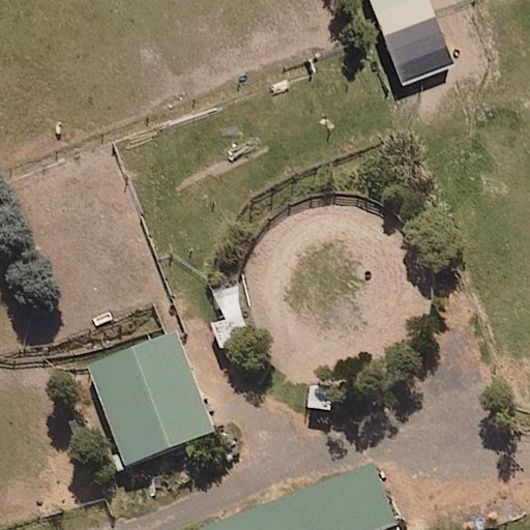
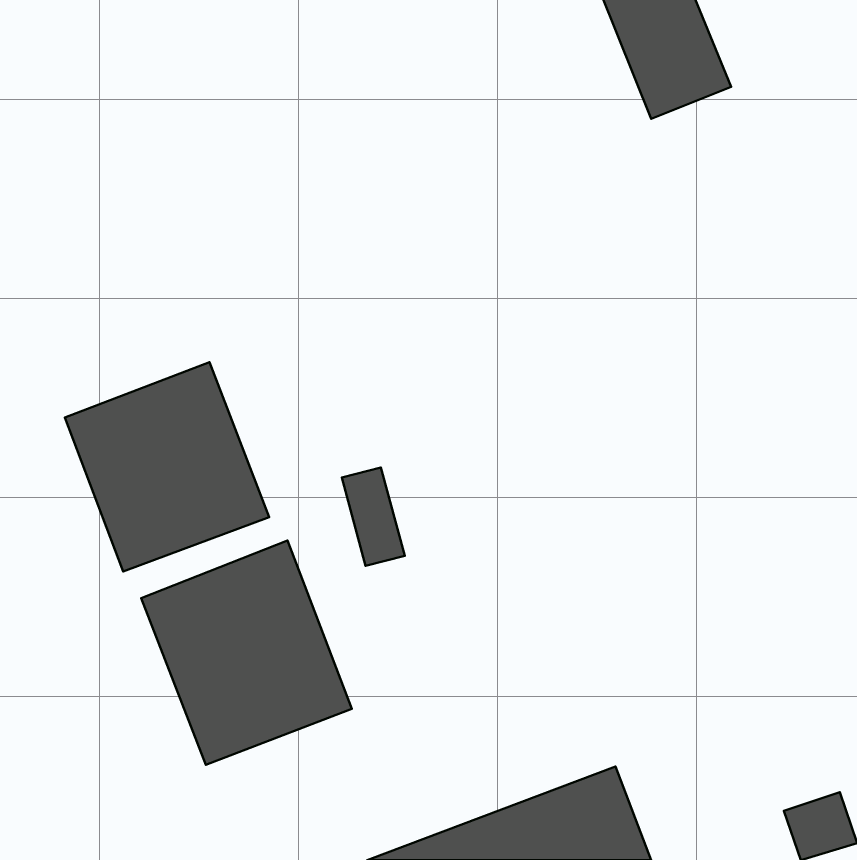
building: none -> [65,362,269,572]

